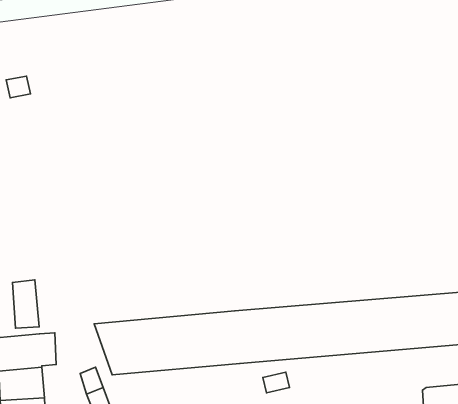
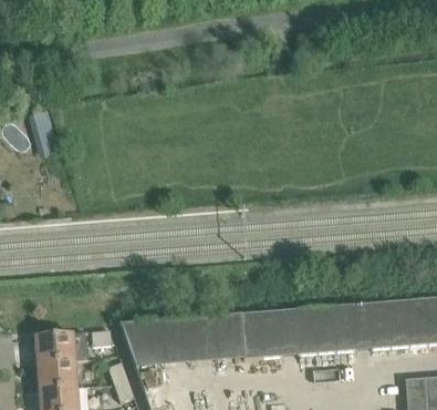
building: [12,280,39,328] -> none

